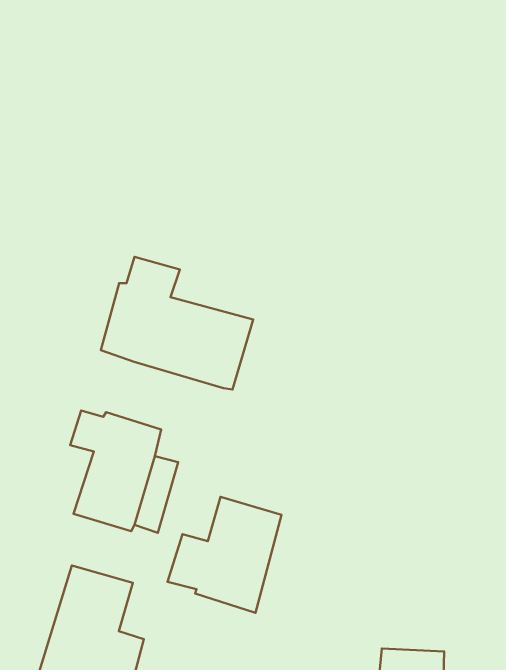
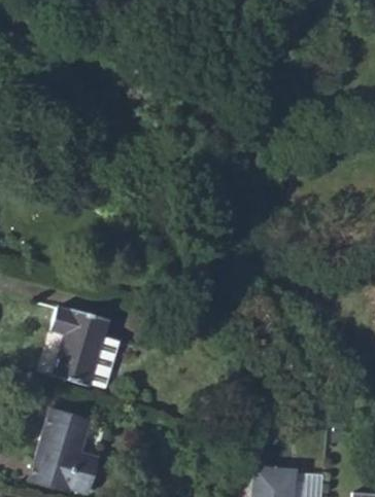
building: [101,257,253,389] -> none
building: [167,497,282,613] -> none

